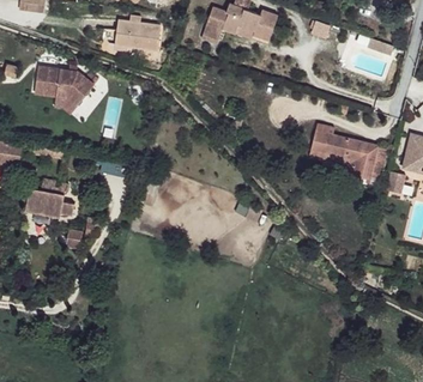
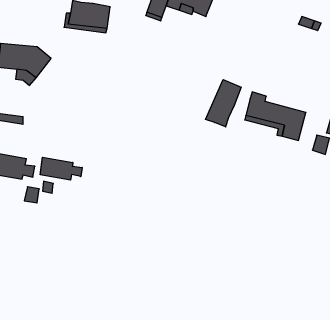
building: none -> [205,80,241,127]
building: none -> [40,157,82,180]

